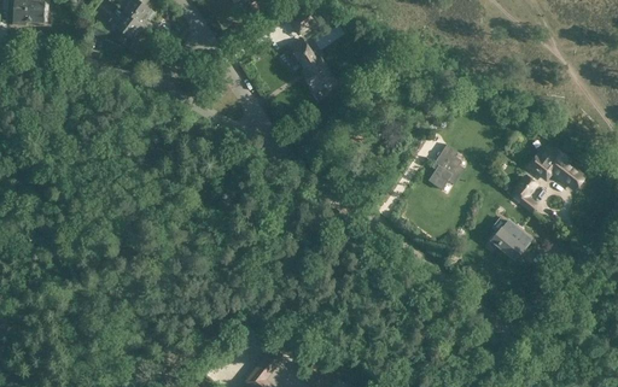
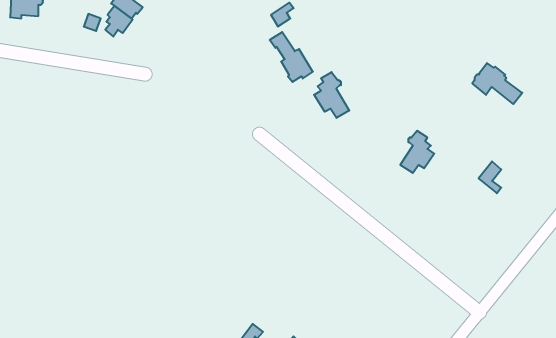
building: none -> [314,72,349,118]
building: [530,145,583,188] -> [472,63,522,104]
building: [489,219,530,259] -> none

